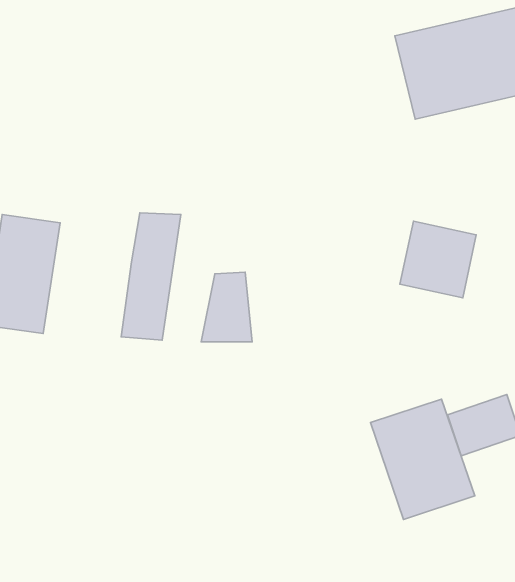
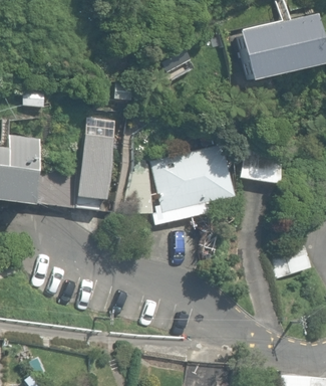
building: none -> [151,143,236,212]
building: none -> [37,162,83,209]
building: [370,399,475,519] -> none

